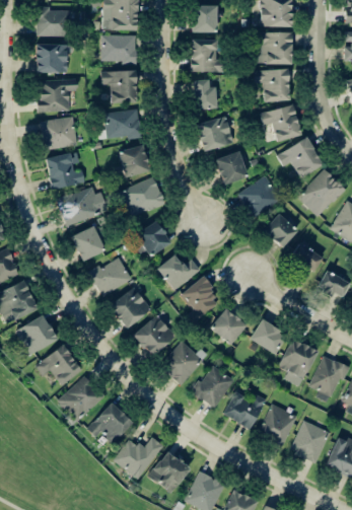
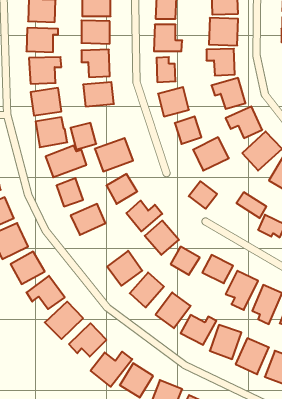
building: [119,145,150,177] -> [70,123,96,150]
building: [264,214,298,247] -> [189,181,217,209]
building: [110,287,151,329] -> none

